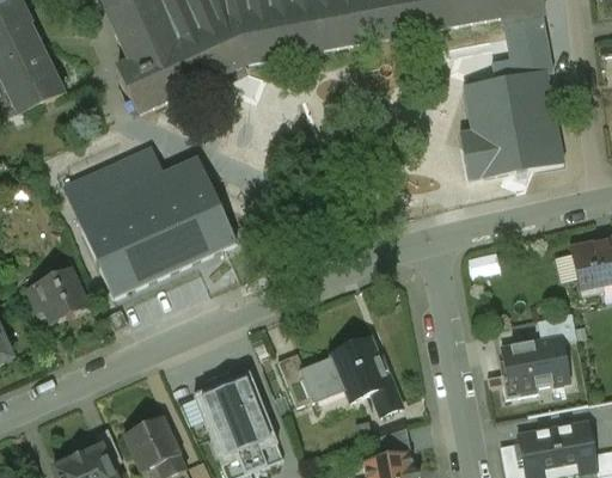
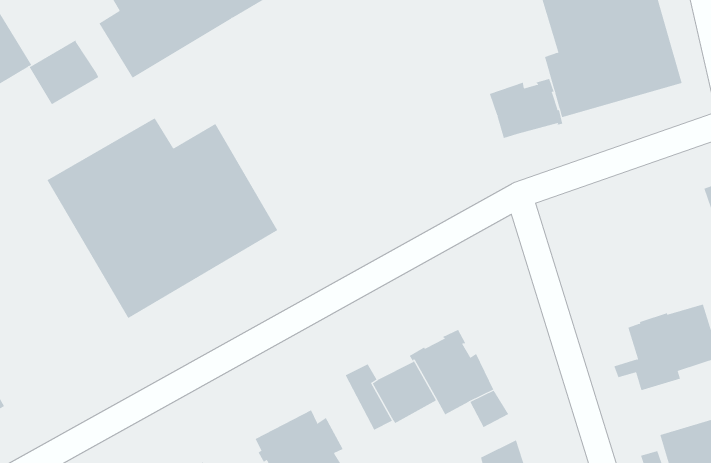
building: none -> [29,39,99,105]
building: none -> [489,78,563,139]
building: [25,266,88,321] -> none

